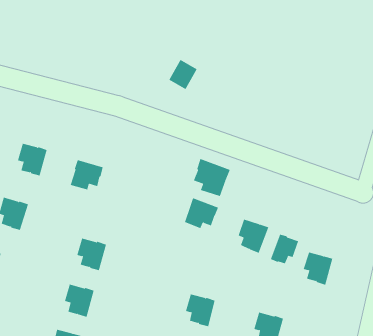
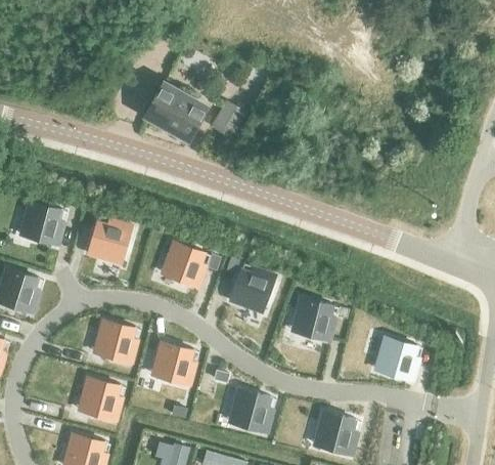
building: none -> [146,84,207,139]
building: [193,158,230,197] -> none
building: none -> [165,243,204,286]
building: [270,234,299,264] -> none
building: none -> [154,343,192,384]

